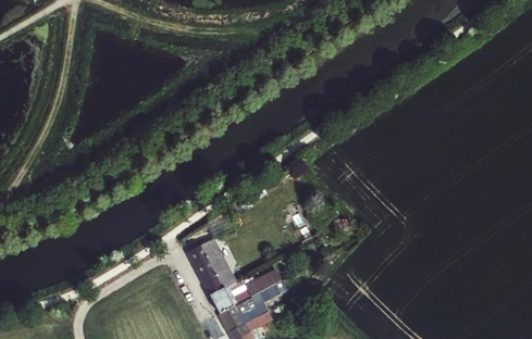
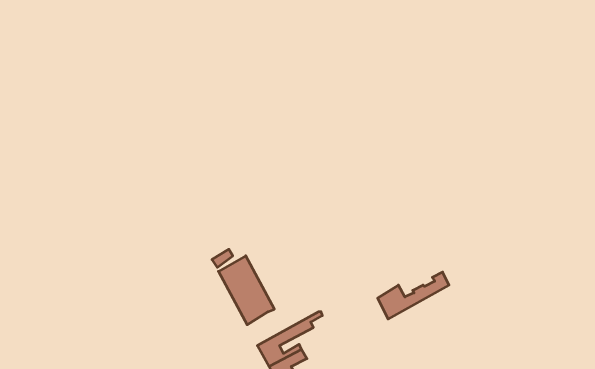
building: [213,275,273,314] -> [378,272,449,319]

